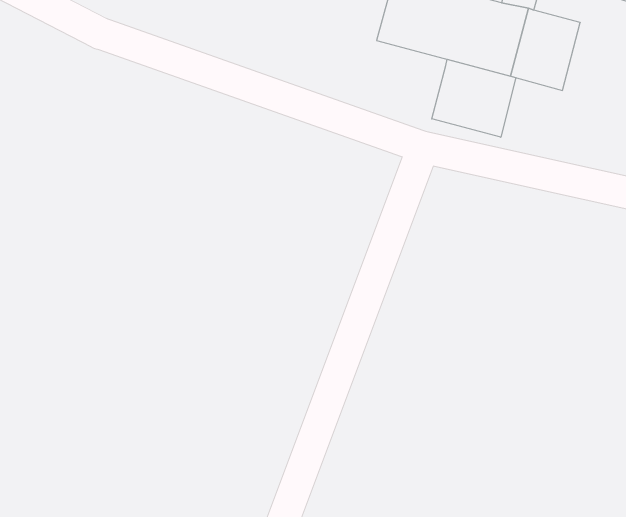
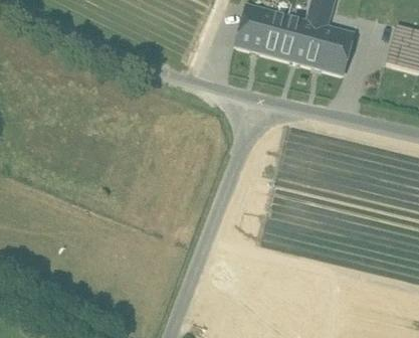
building: [432,59,516,137] -> none

